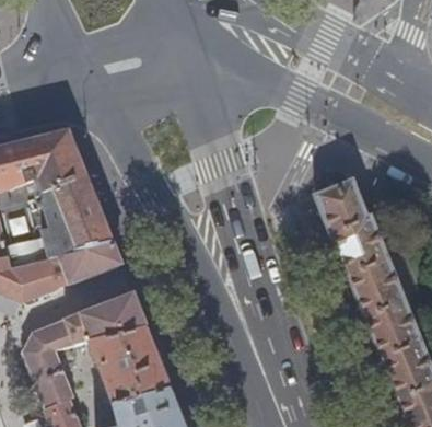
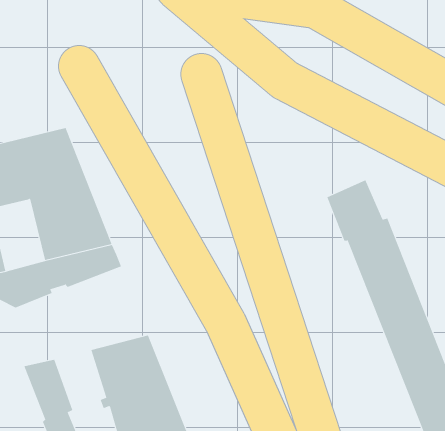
building: [24,293,145,357] -> none

